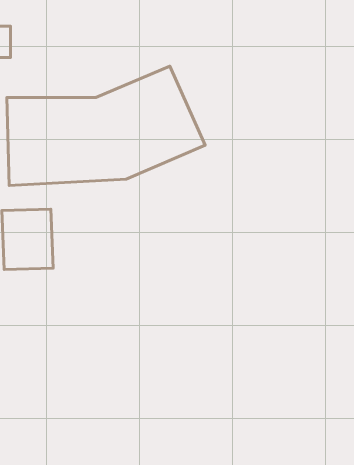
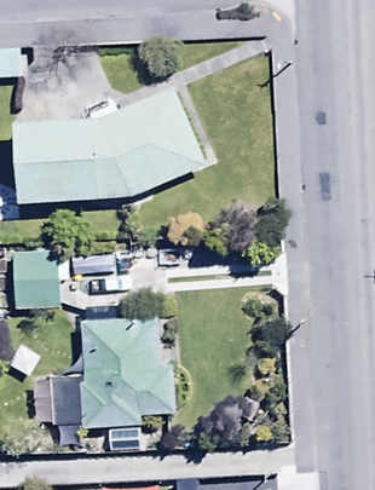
building: none -> [50,322,174,448]

